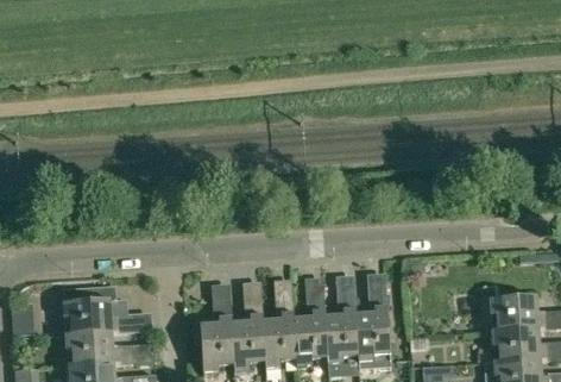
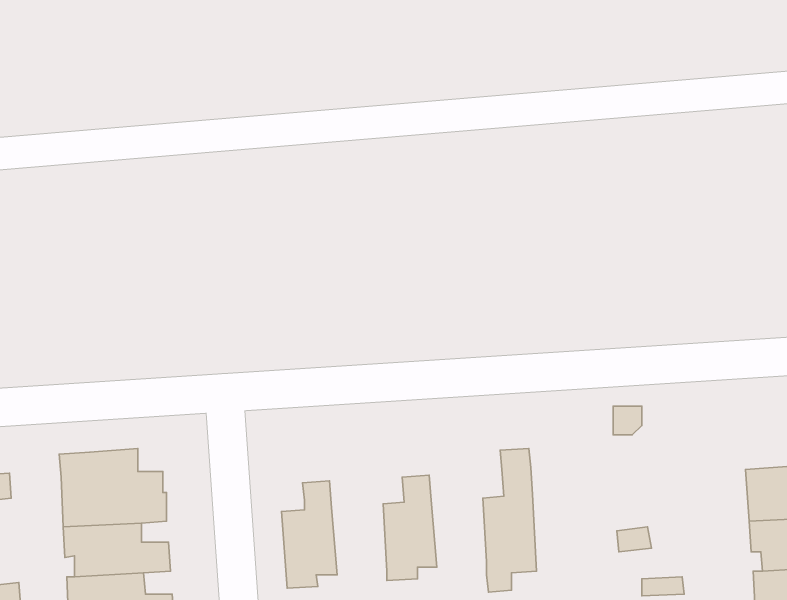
building: [357,282,391,361] -> none
building: [294,287,328,365] -> none
building: [232,303,266,369] -> none

